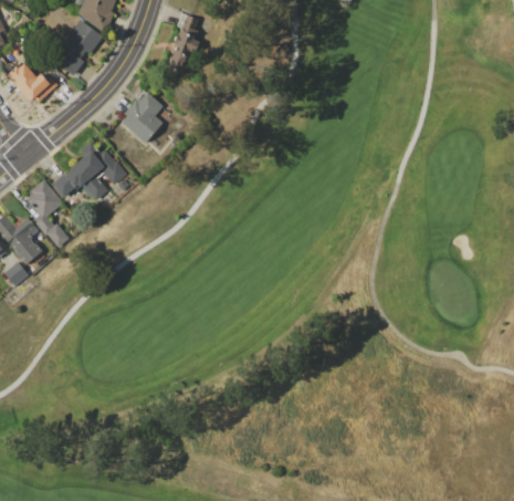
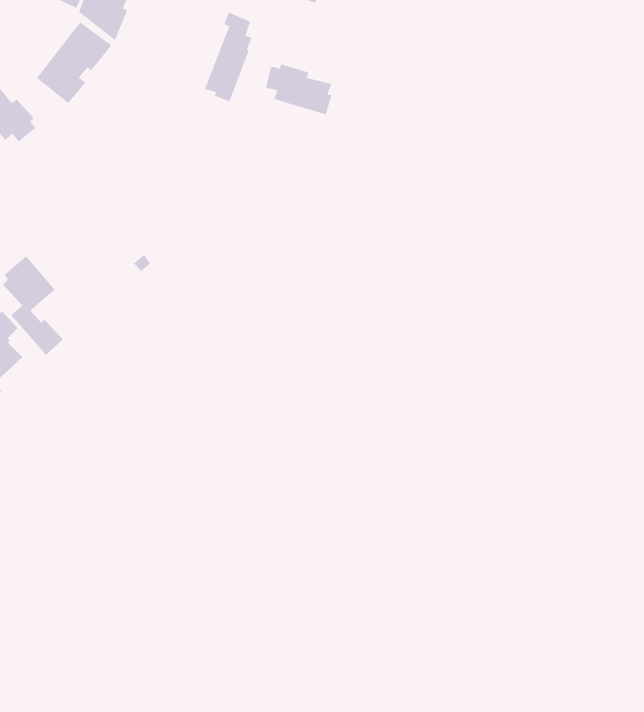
building: none -> [266,63,332,115]
building: [120,92,162,143] -> none
building: [51,140,125,209] -> none

